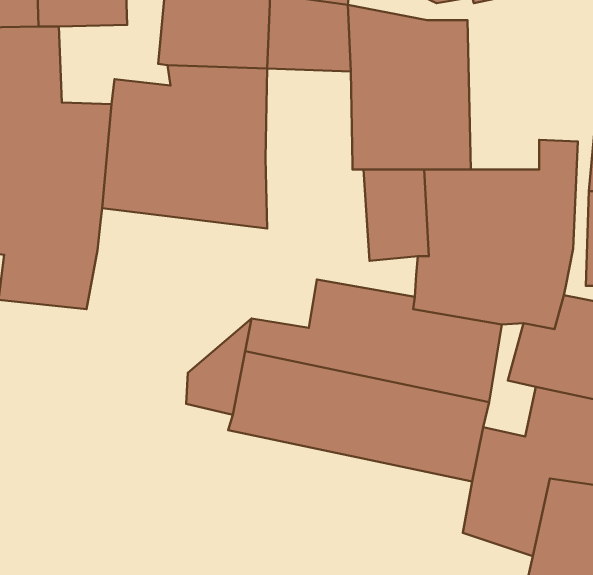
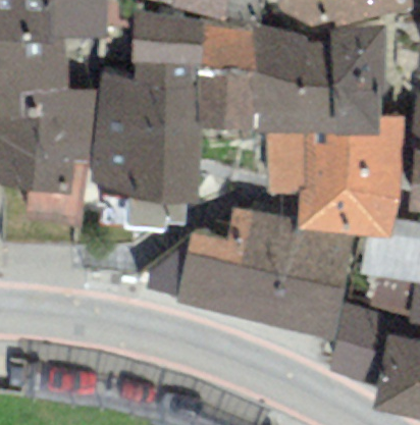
building: none -> [332,25,385,131]
building: none -> [200,65,257,128]
building: none -> [90,157,201,230]

